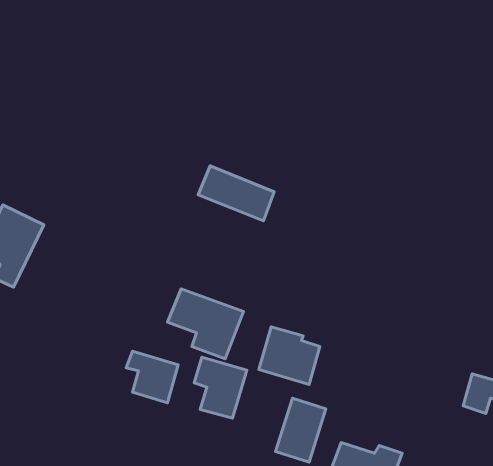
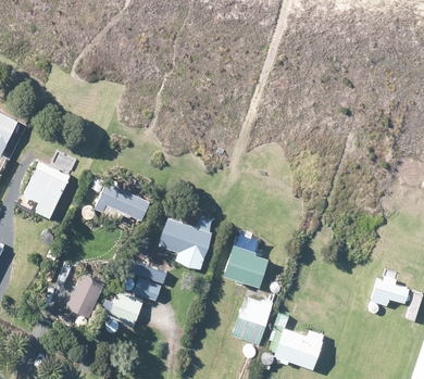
building: [198,166,274,221] -> [98,181,152,220]
building: [194,357,247,418] -> none
building: none -> [66,274,104,317]
building: none -> [108,293,144,327]

